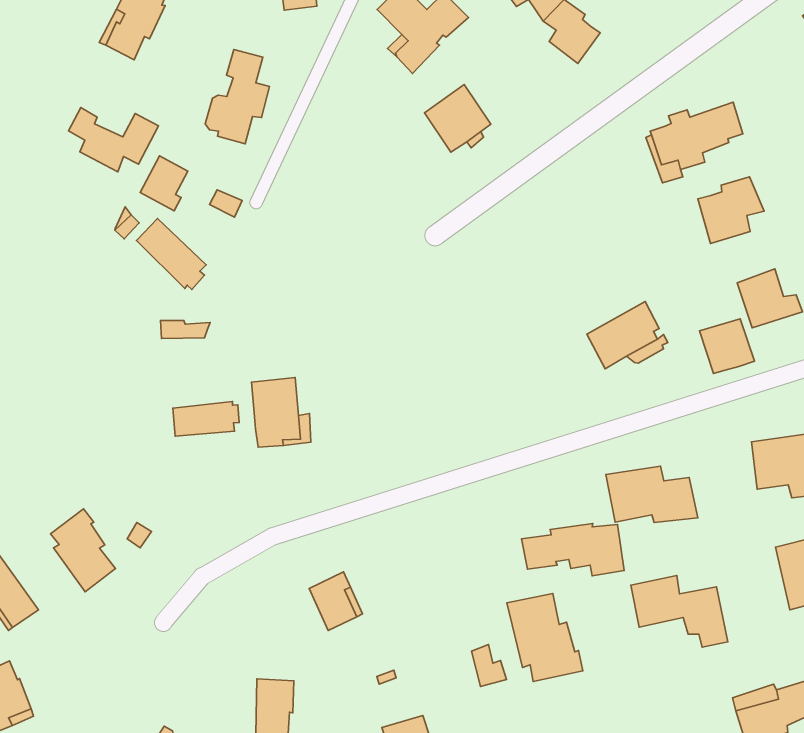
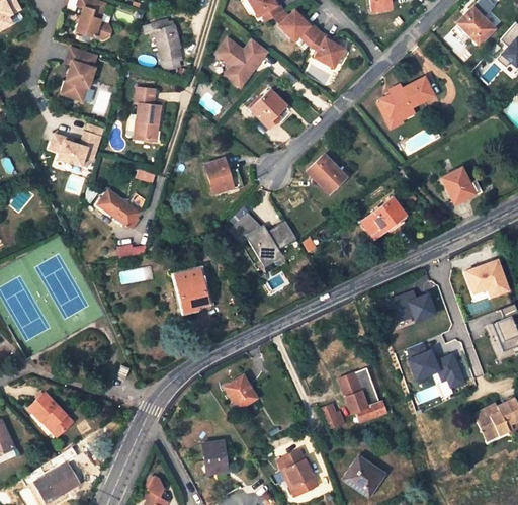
building: [140,156,188,211] -> none
building: [698,177,764,244] -> none
building: none -> [205,159,233,192]
building: none -> [307,154,346,193]
building: none -> [229,212,296,264]
building: [699,319,754,373] -> none
building: [173,402,239,436] -> none
building: [51,509,115,592] -> none
building: [521,524,624,576] -> none

